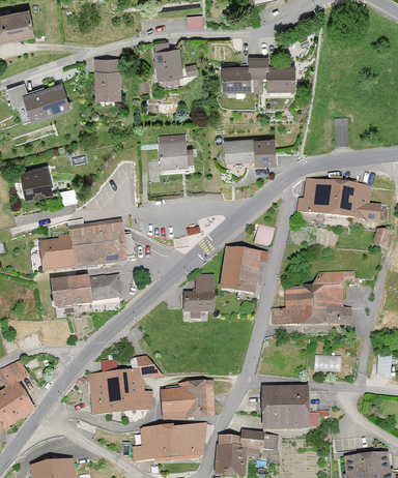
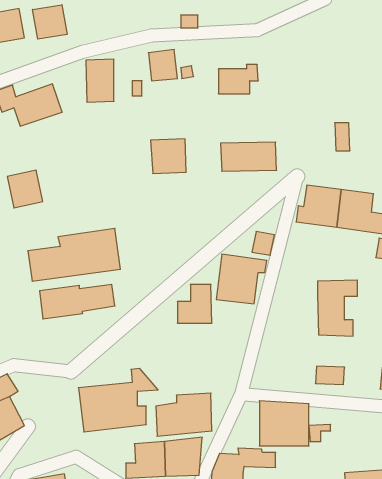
building: none -> [33,5,67,39]
building: [259,63,296,91] -> none
building: [272,283,318,324] -> none

